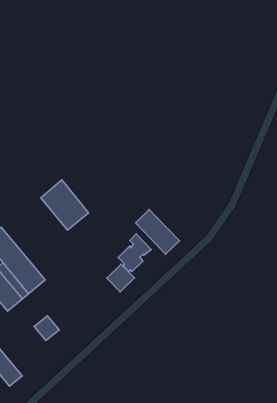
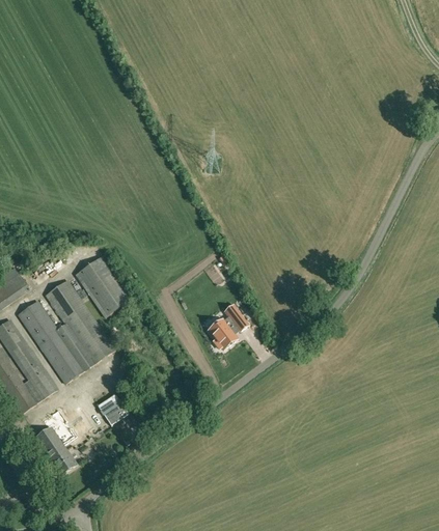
building: [41,180,89,230] -> [74,254,131,316]
building: [135,209,179,254] -> none
building: [107,264,135,292] -> none

